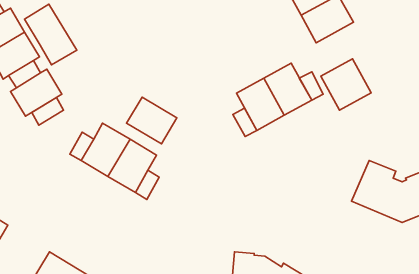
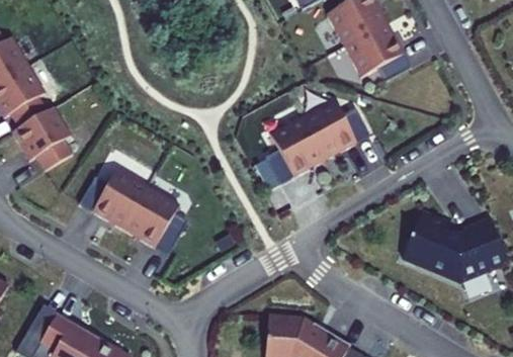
building: [25,4,77,65] -> none
building: [321,59,371,110] -> none
building: [127,97,177,144] -> none

